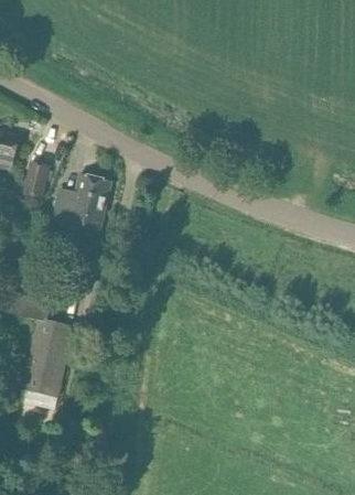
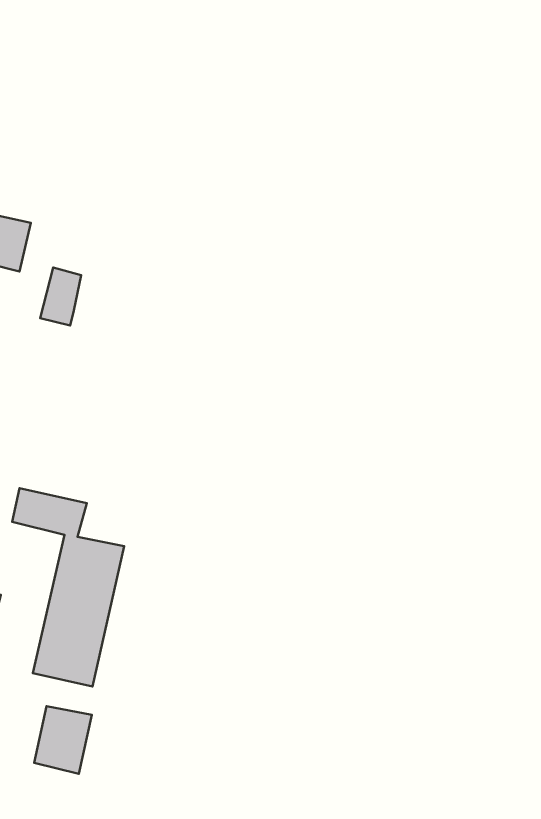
building: [52,173,111,236] -> none
building: none -> [34,706,92,774]

